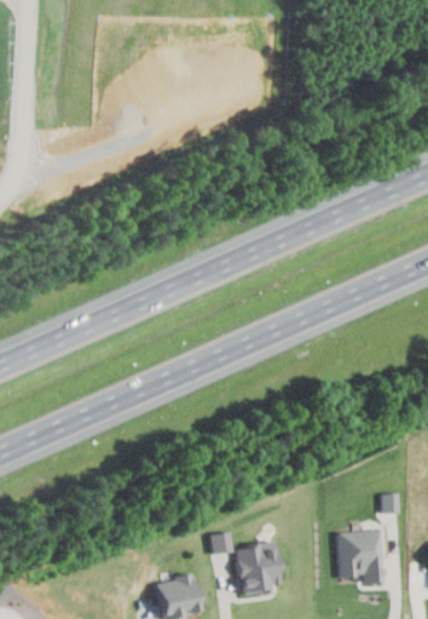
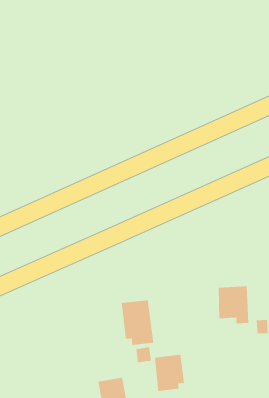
building: none -> [121,300,154,346]
building: [337,530,382,584] -> [218,286,249,324]

